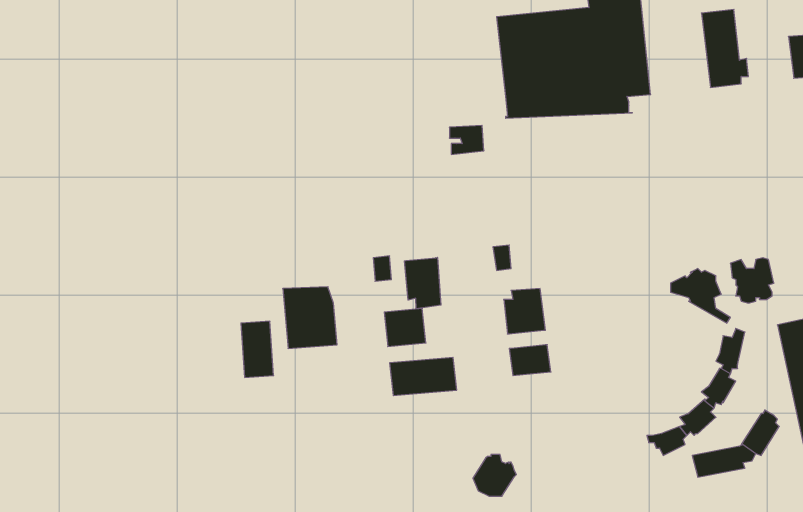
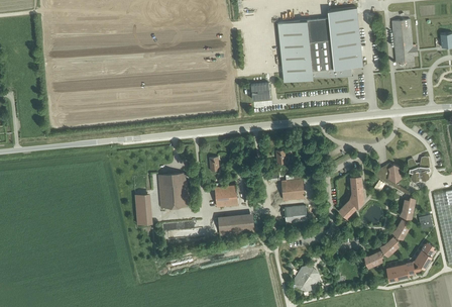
building: [404,257,441,309] -> none
building: none -> [338,177,361,216]
building: [473,455,516,496] -> [294,267,318,290]

